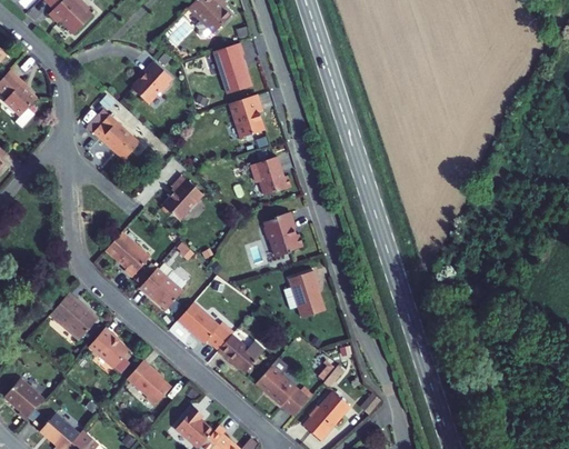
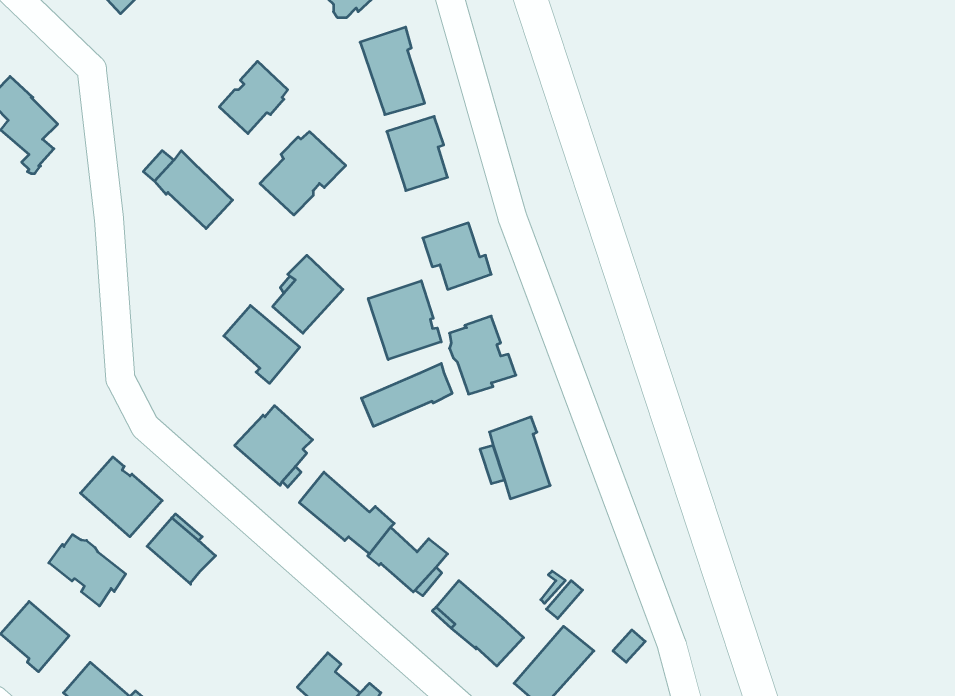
building: none -> [260,132,346,215]
building: none -> [368,281,441,360]
building: [106,232,150,278] -> [224,305,300,383]
building: none -> [361,363,452,426]
building: none -> [49,535,126,606]
building: [127,360,171,406] -> none

